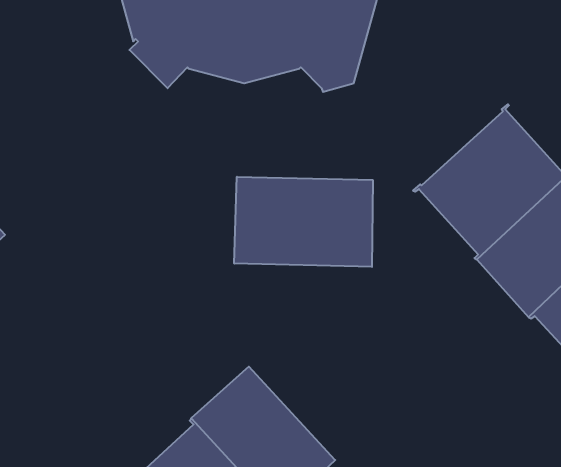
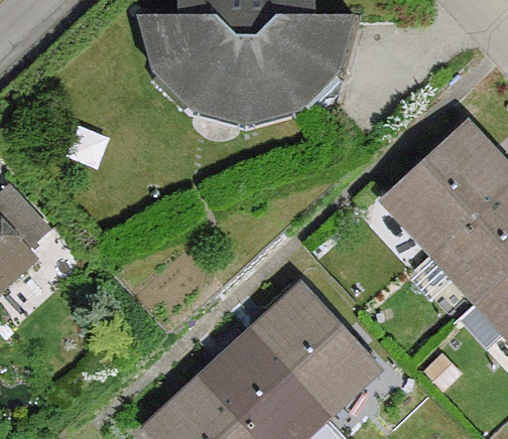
building: [234,177,373,267] -> none
building: none -> [250,286,377,415]

